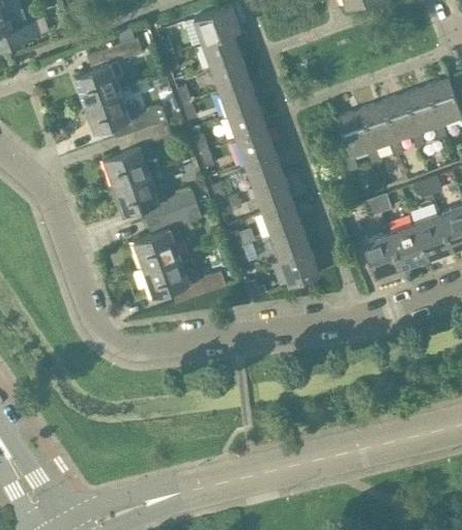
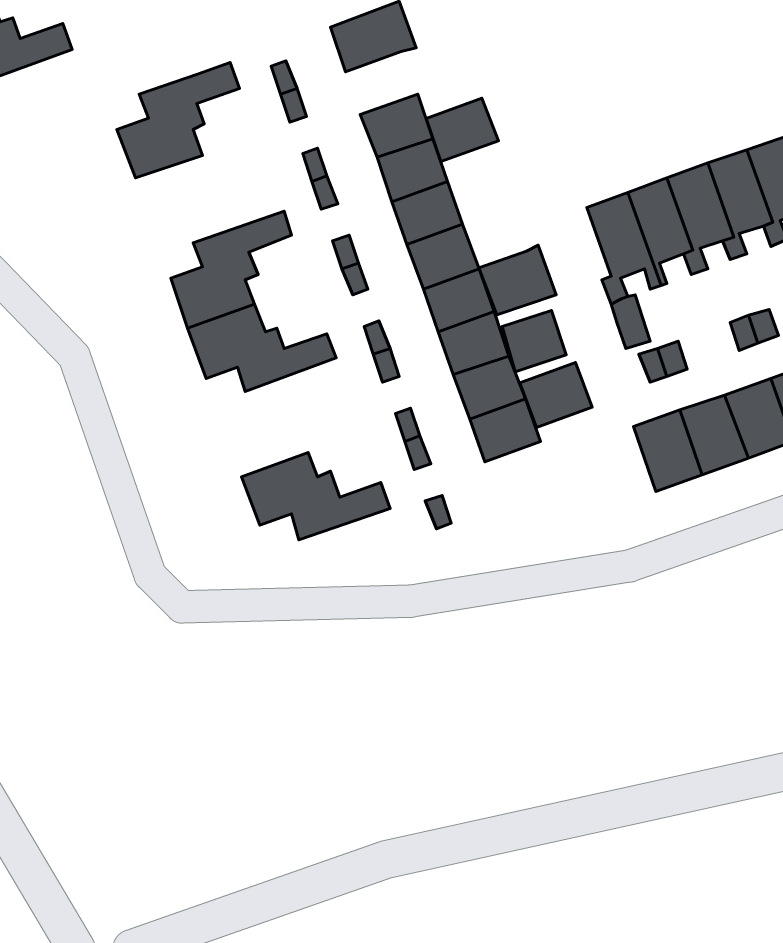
building: [200,32,240,67] -> [426,98,499,161]
building: [83,90,166,139] -> none
building: none -> [479,245,556,315]
building: none -> [502,311,566,372]
building: [132,203,200,269] -> none
building: [278,249,318,286] -> [520,362,592,427]

